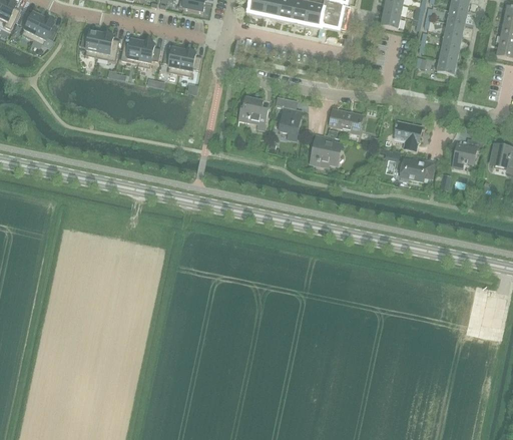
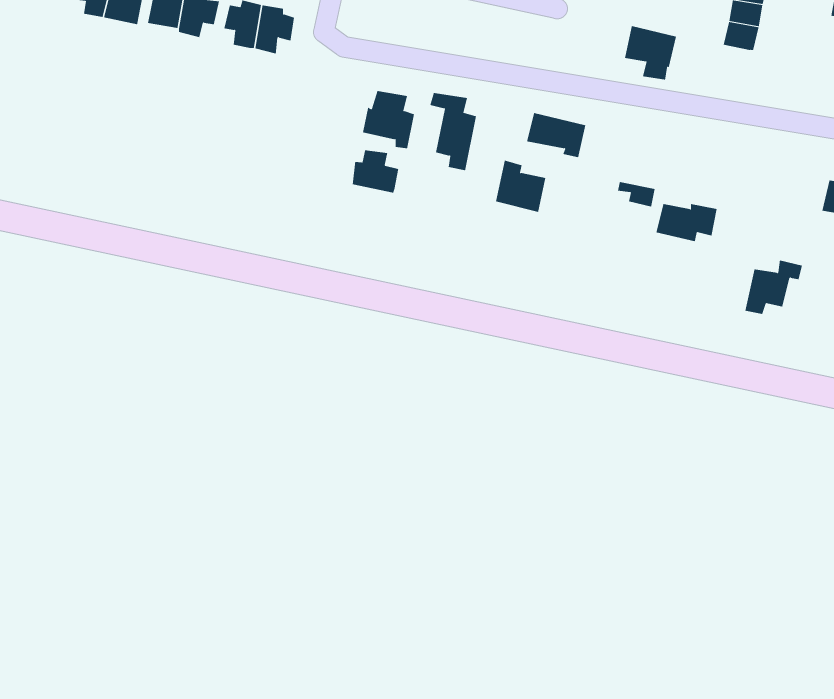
building: [393,118,422,148] -> [624,25,677,80]
building: none -> [352,150,399,193]
building: [452,137,484,167] -> [745,260,803,315]

